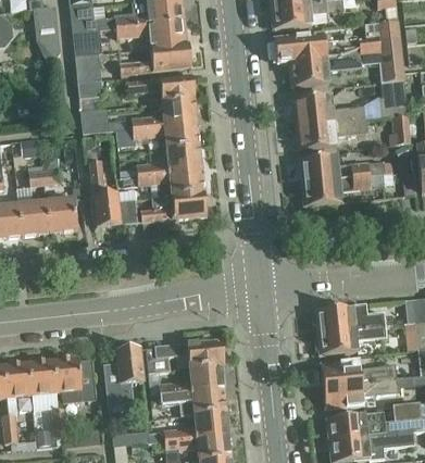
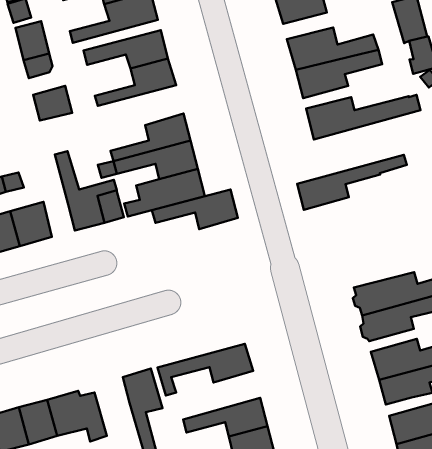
building: [130,122,199,150] -> [152,189,238,229]
building: [301,174,392,205] -> [297,155,407,210]
building: [158,363,224,393] -> none

